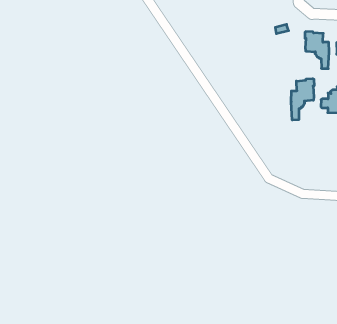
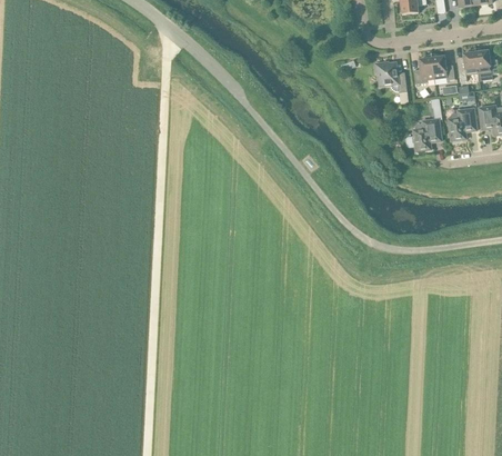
building: [291,79,314,120] -> none

